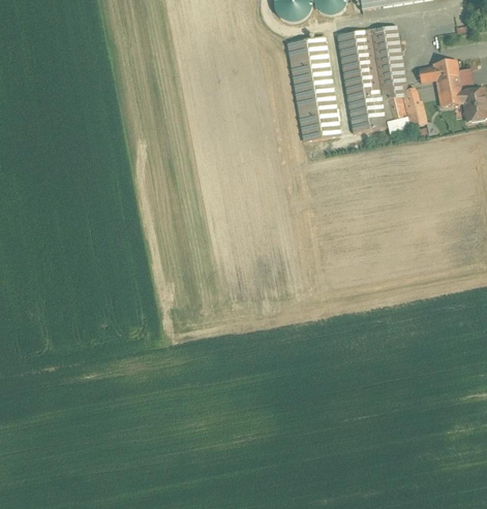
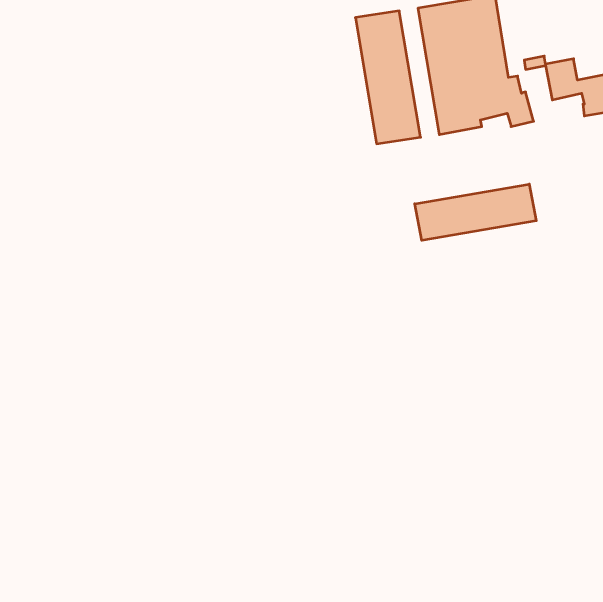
building: [418,59,457,77] -> none
building: none -> [415,184,536,240]

